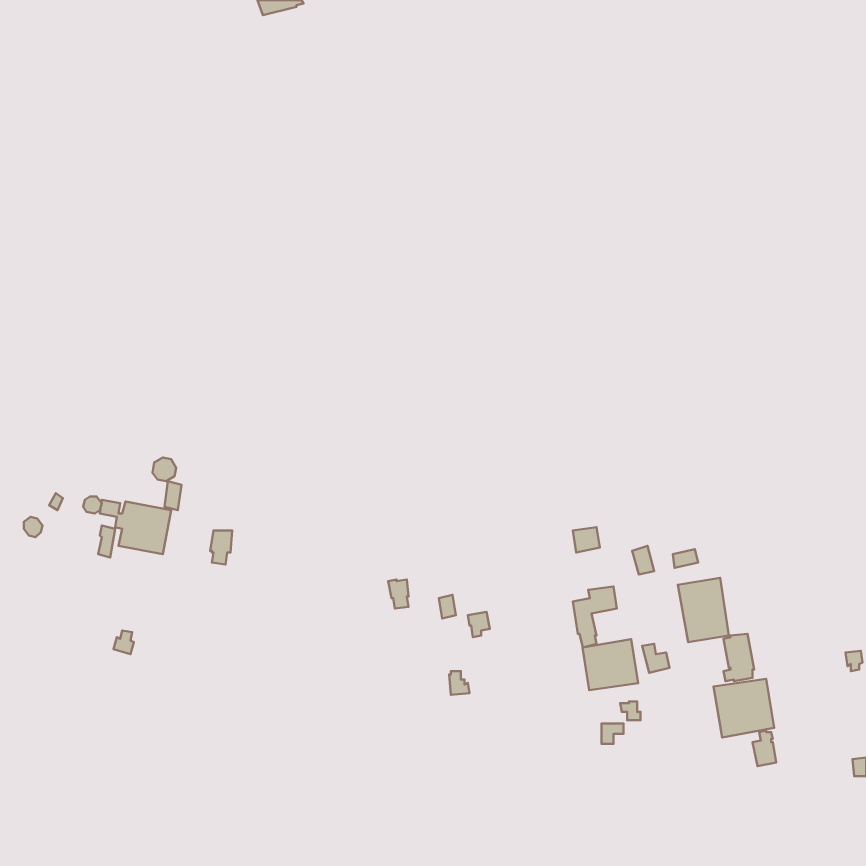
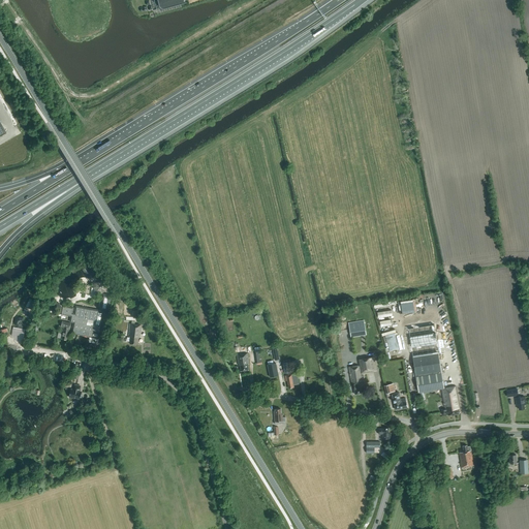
building: [583,639,638,690] -> none
building: [714,679,774,737] -> none

